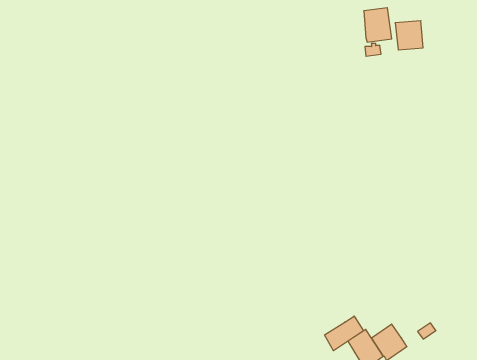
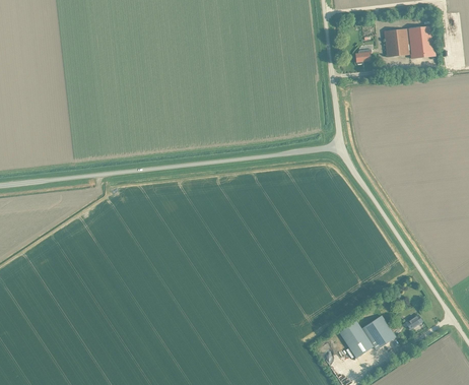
building: [364,8,392,42] -> [408,25,434,58]
building: [325,316,363,351] -> none

